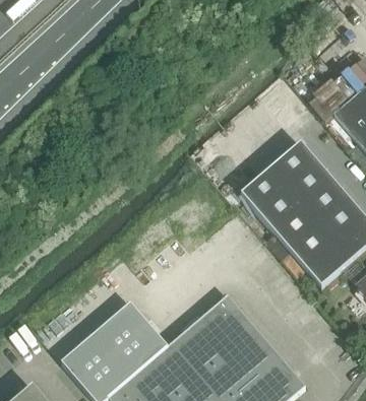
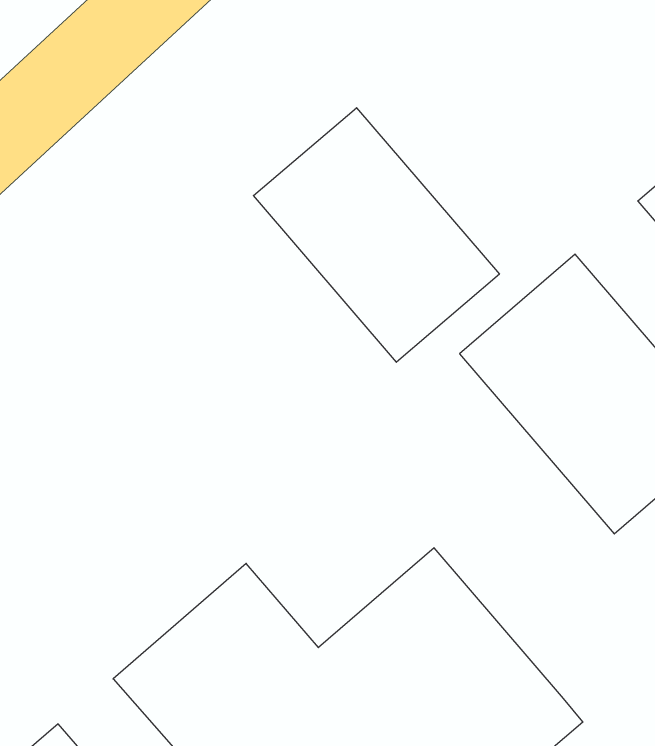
building: none -> [253,108,499,362]

